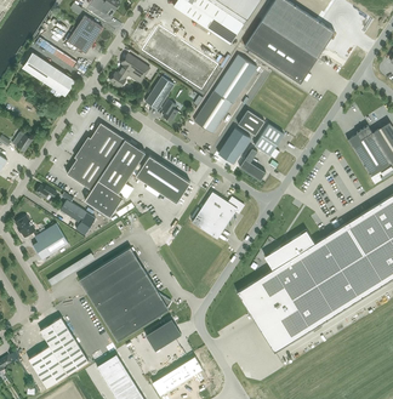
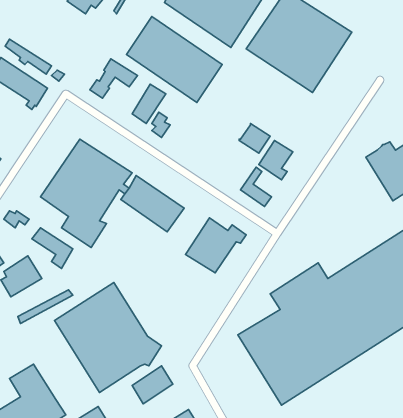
building: [68,16,102,53] -> none
building: [194,55,257,135] -> none
building: [218,129,250,164] -> none

